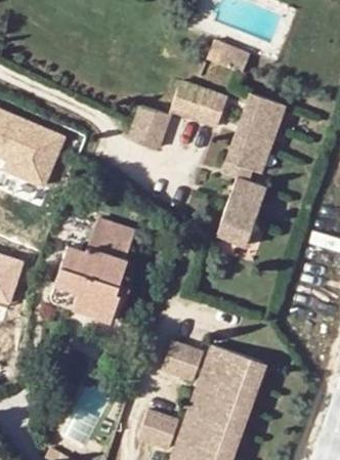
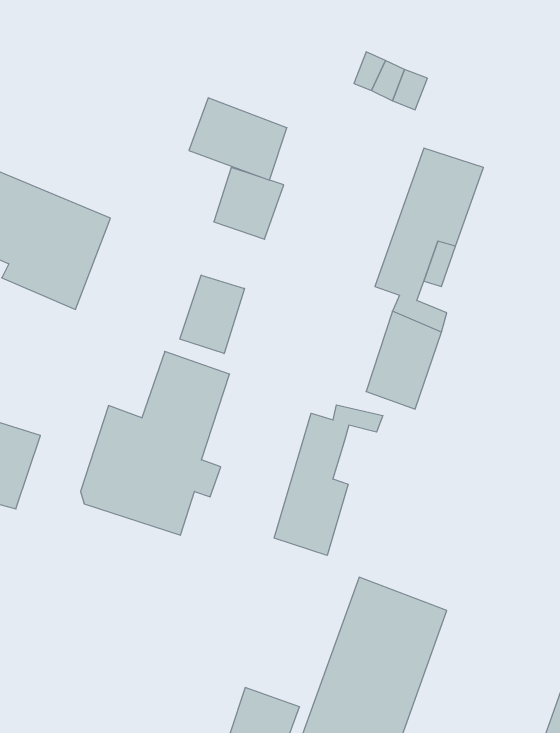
building: [170,81,227,129] -> [189,98,287,180]
building: none -> [180,275,244,354]
building: none -> [274,405,383,555]
building: [162,341,203,380] -> none

